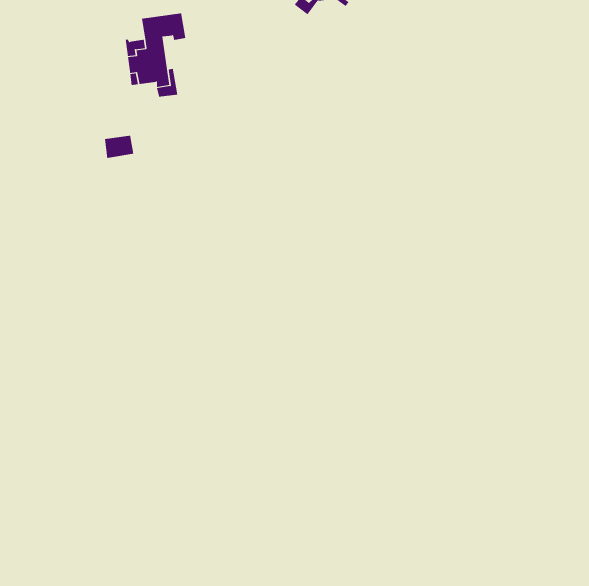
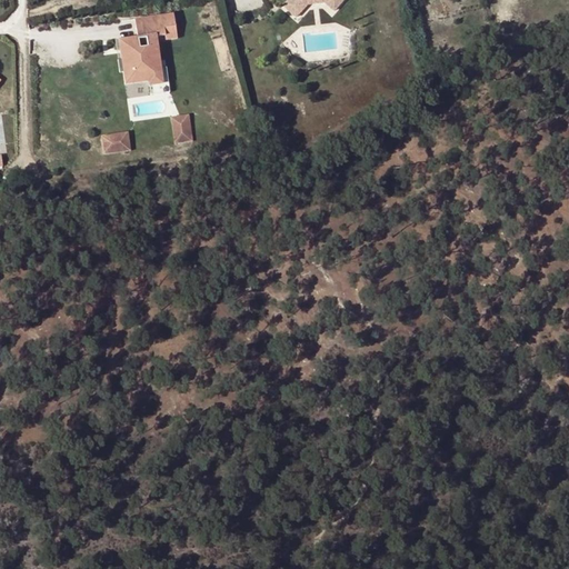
building: none -> [169,112,190,141]

